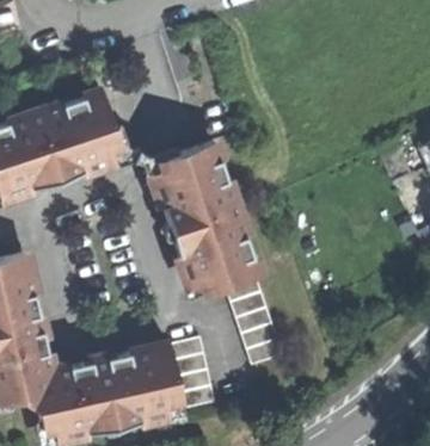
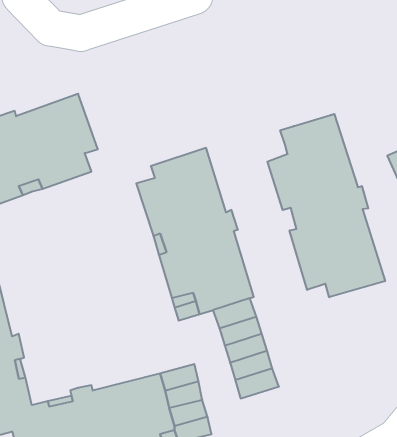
building: none -> [267,114,385,297]

